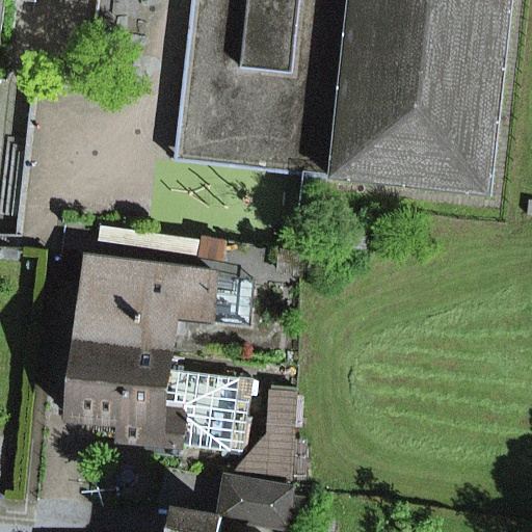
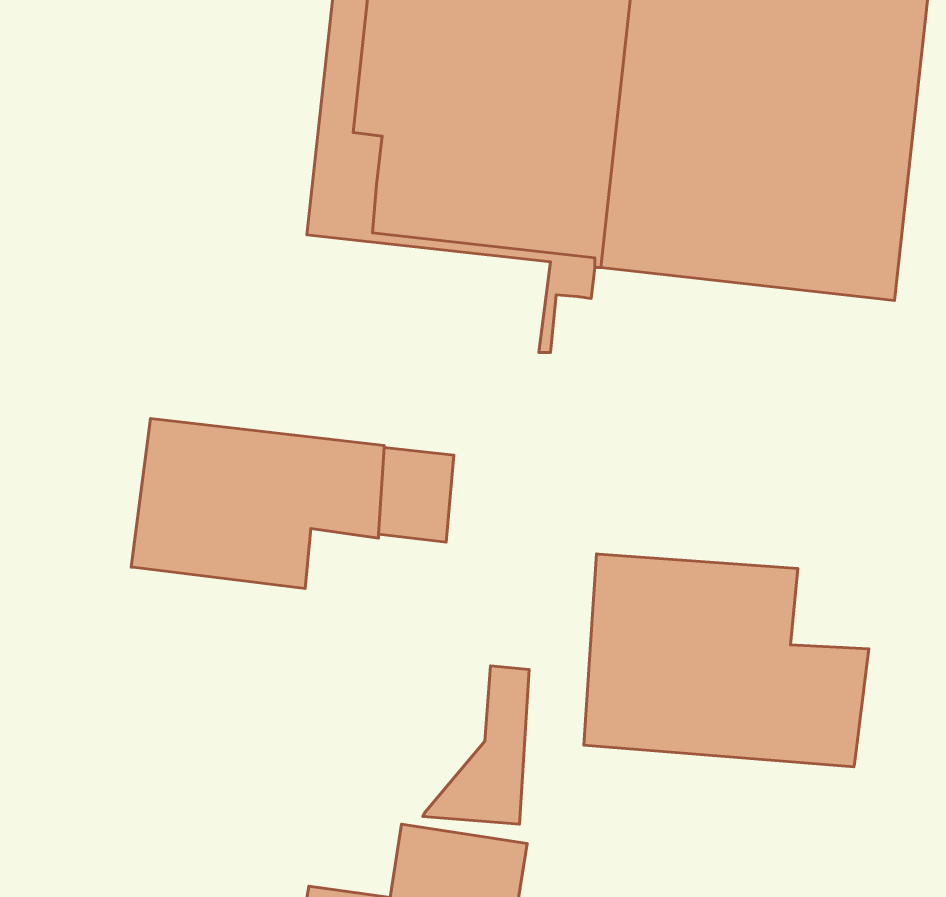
building: none -> [584,554,869,767]
building: [72,337,237,448] -> none

